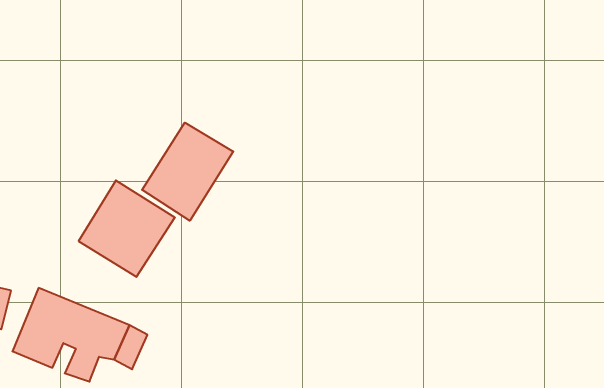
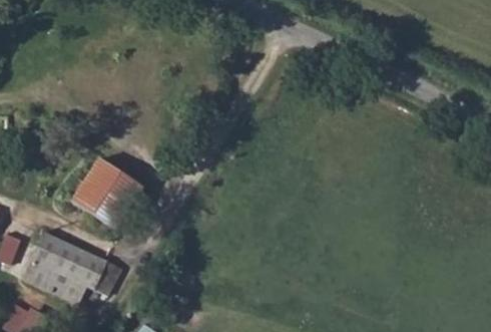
building: [142,123,233,221] -> none

